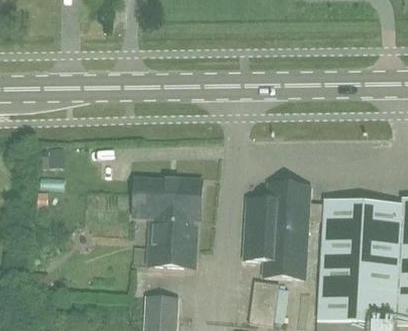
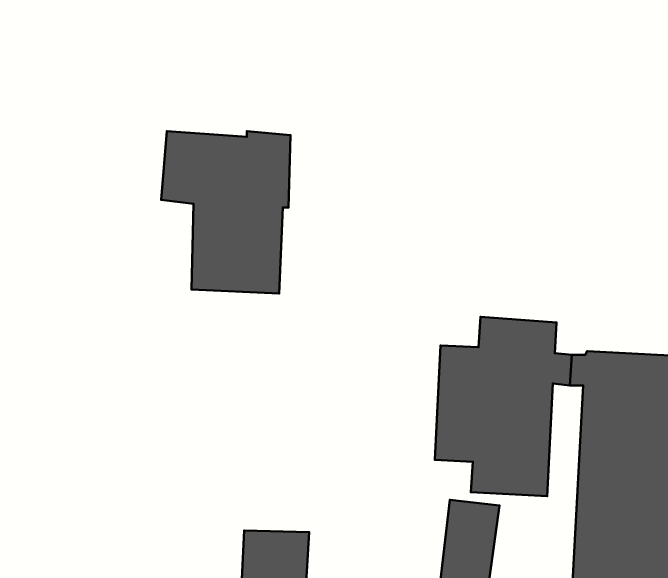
building: [133,181,201,266] -> [161,131,291,293]

